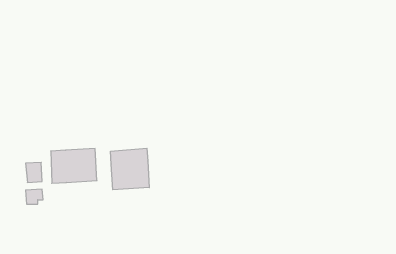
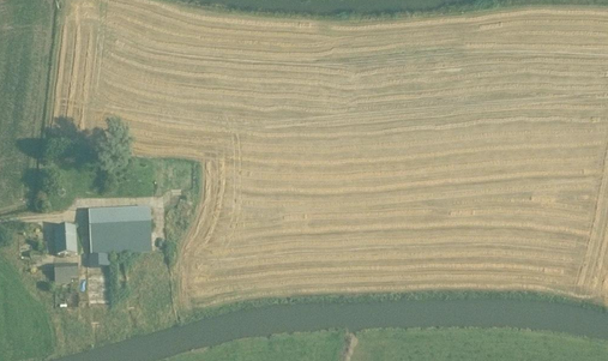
building: [111,148,149,190] -> none

